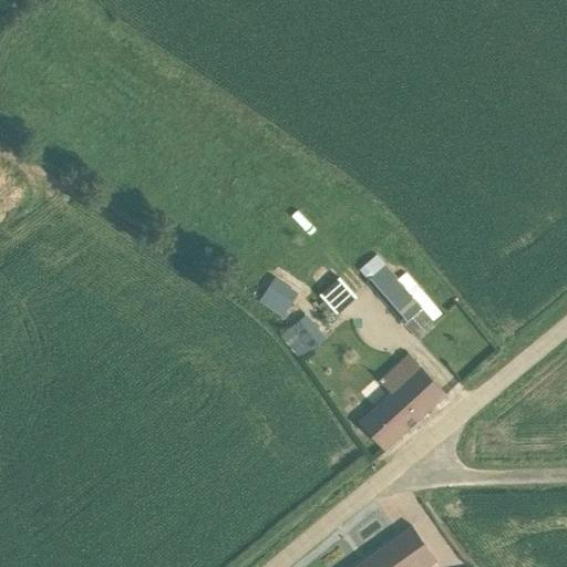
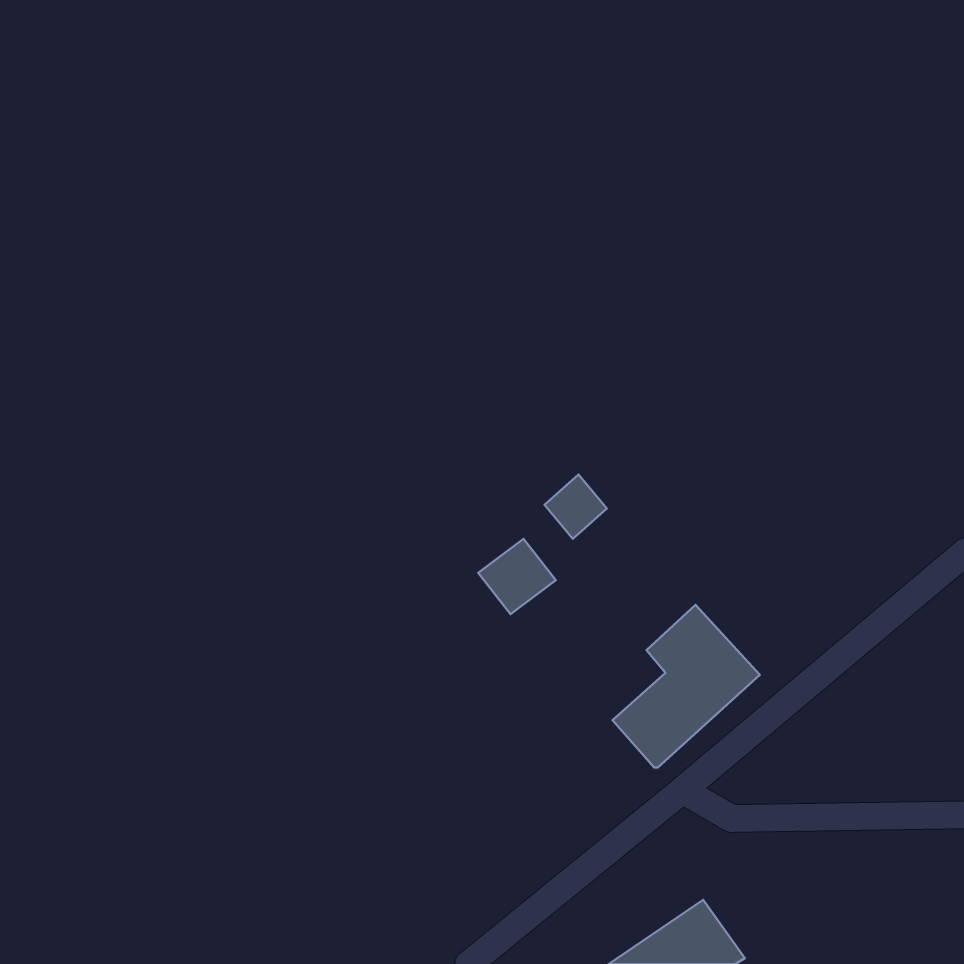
building: [360,255,435,340] -> none
building: [260,278,298,317] -> none

